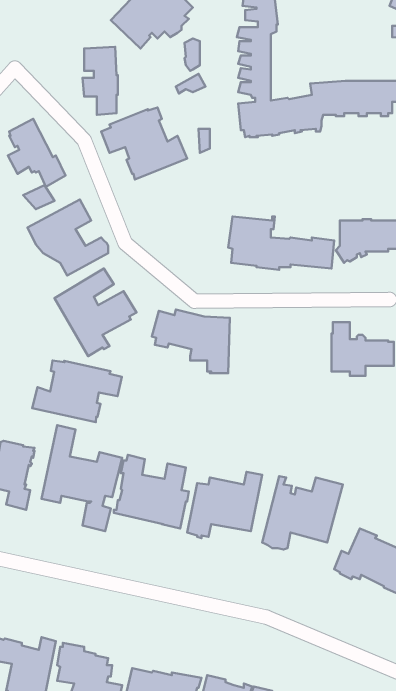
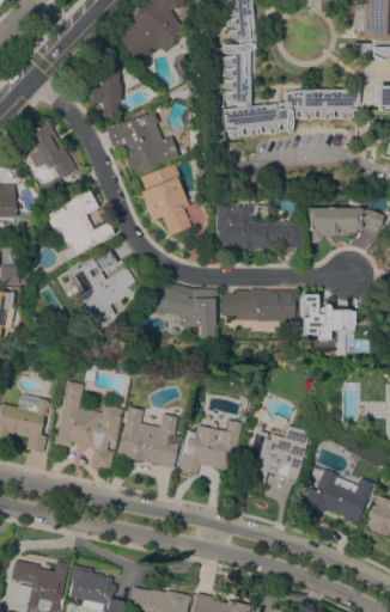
building: none -> [140,163,191,235]
building: none -> [221,289,294,322]
building: [32,361,122,422] -> none

